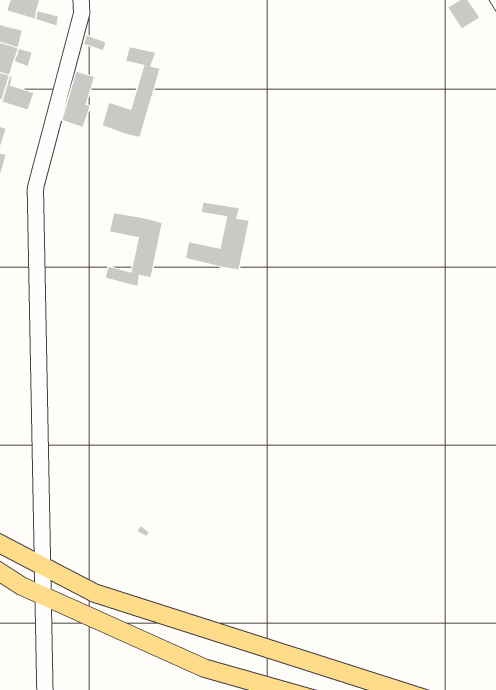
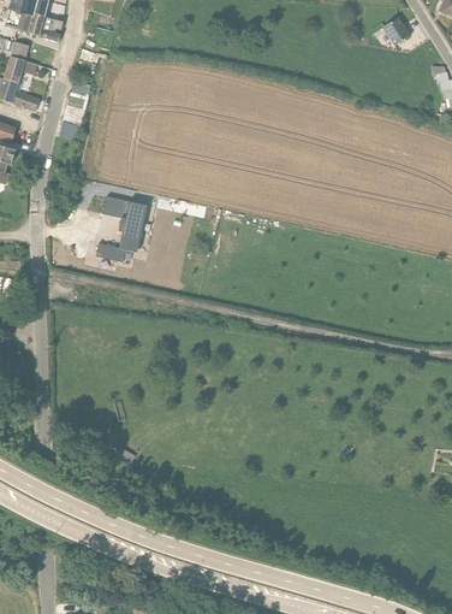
building: [102,47,160,137] -> none
building: [186,202,249,270] -> none

